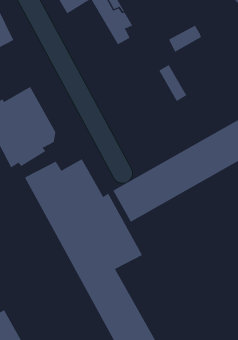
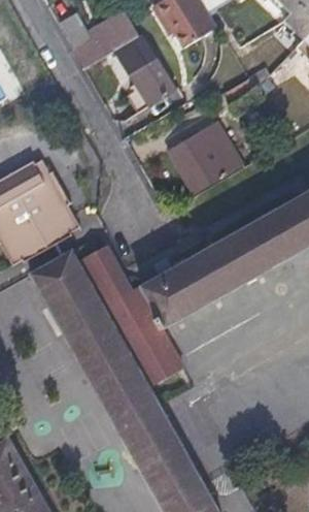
building: none -> [168,131,224,193]

